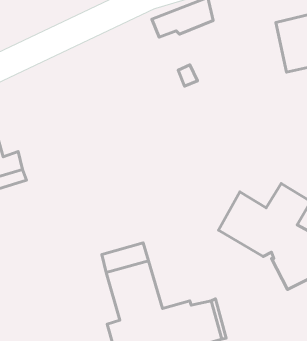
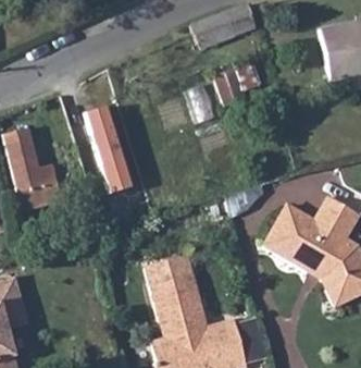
building: none -> [91,105,138,194]

